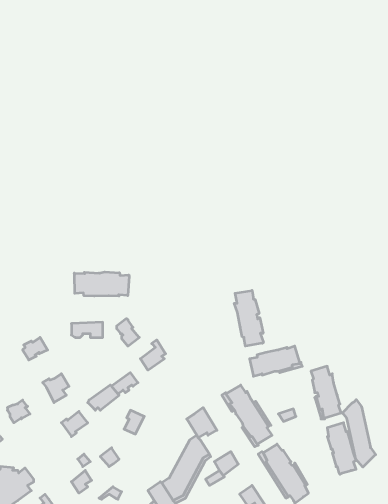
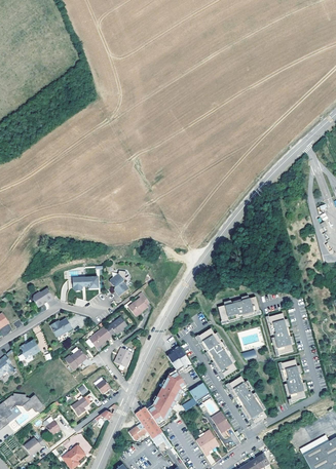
building: [74,272,129,296] -> none
building: [234,290,263,346] -> none
building: [342,400,376,467] -> none

